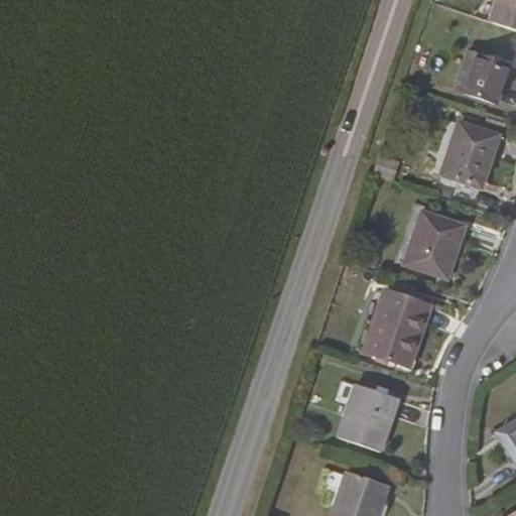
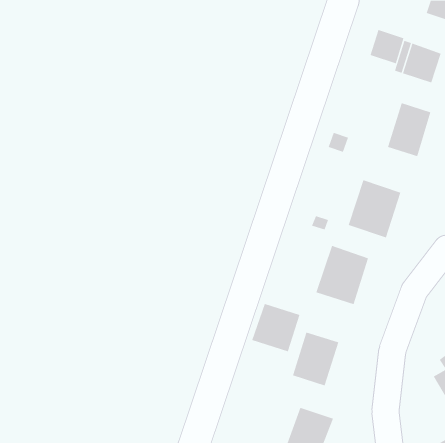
building: none -> [370,29,404,64]
building: none -> [252,303,300,352]

